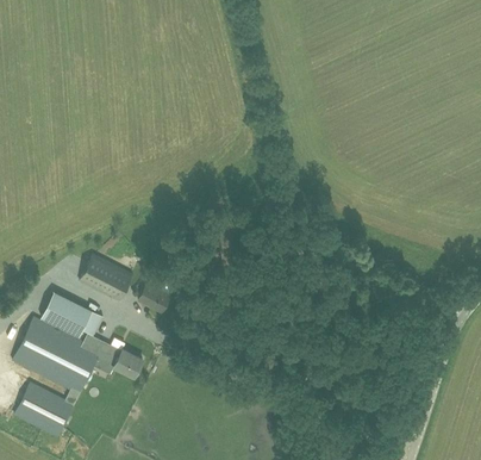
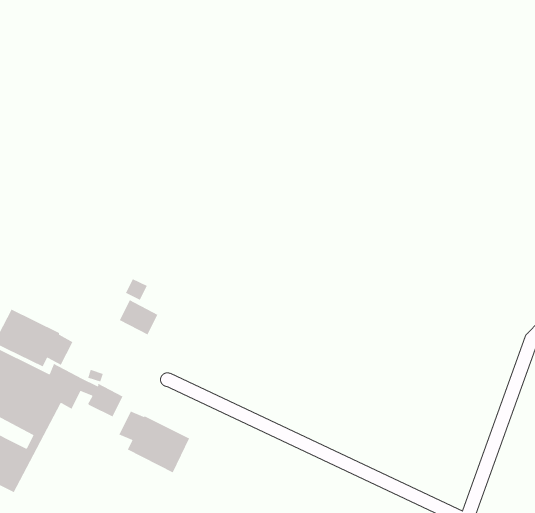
building: [80,253,133,302] -> none
building: none -> [118,410,190,474]

